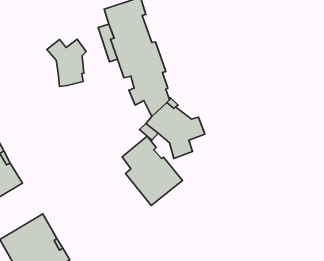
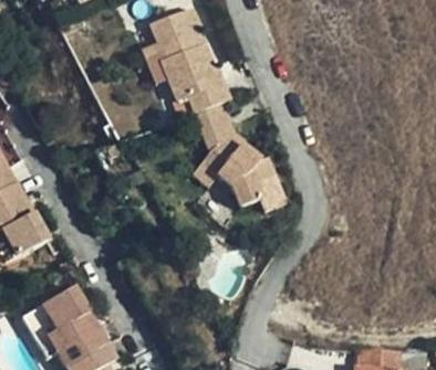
building: [47,39,86,87] -> none
building: [122,136,183,205] -> none

